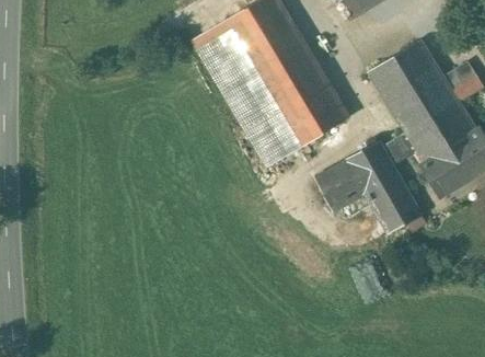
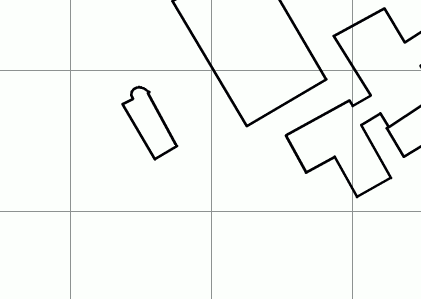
building: none -> [123,87,177,159]

